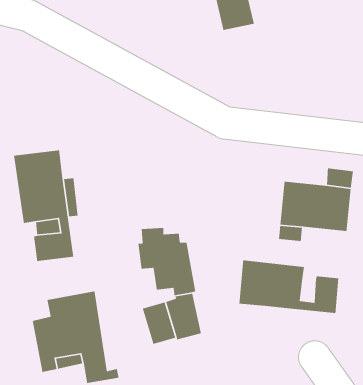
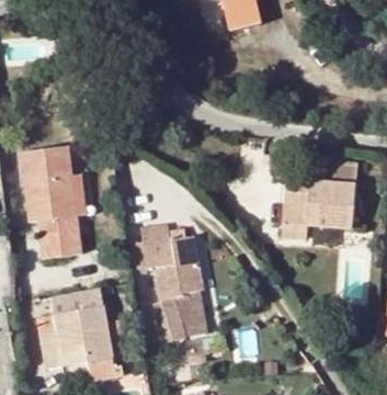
building: [239,259,339,314] -> none

